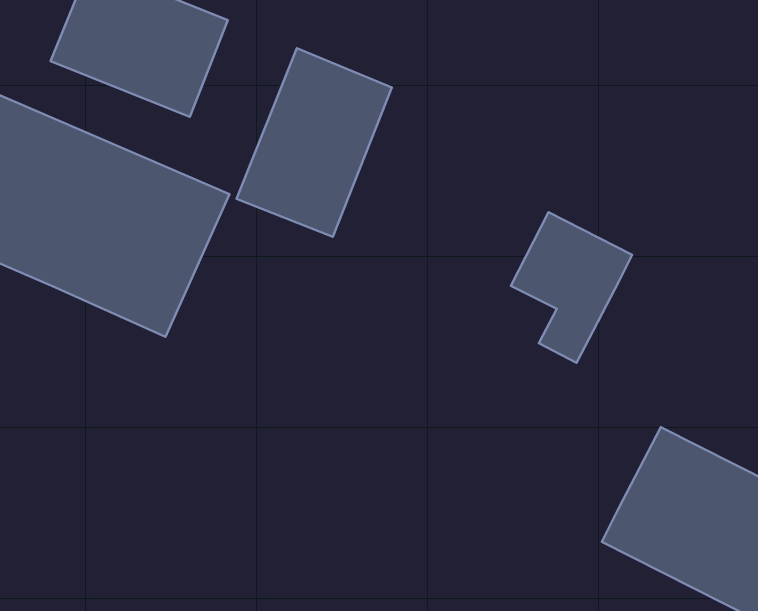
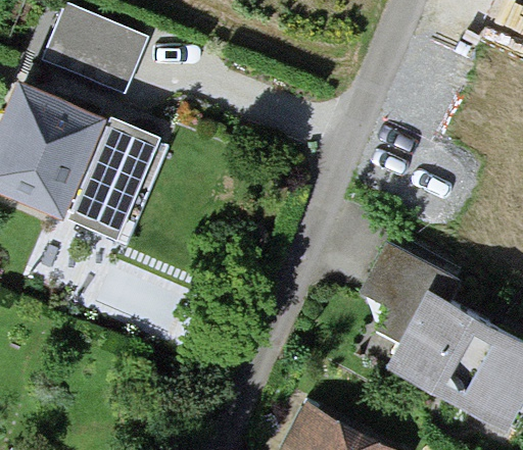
building: [237,48,392,237] -> none
building: [511,212,632,363] -> [361,248,436,342]

